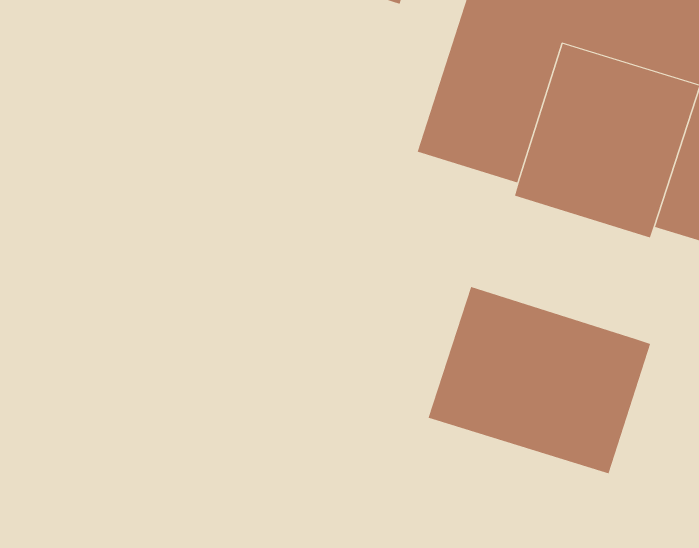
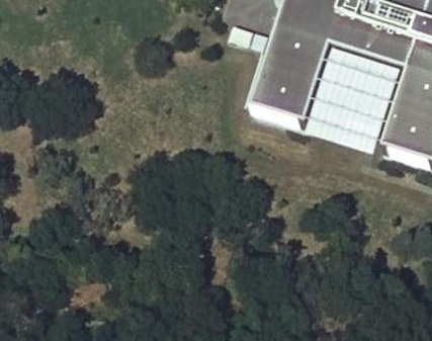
building: [428,286,651,474] -> none

